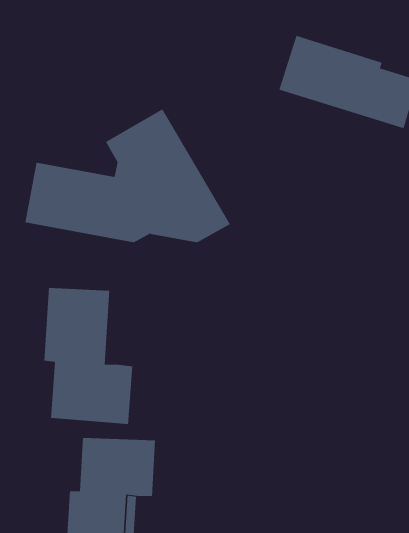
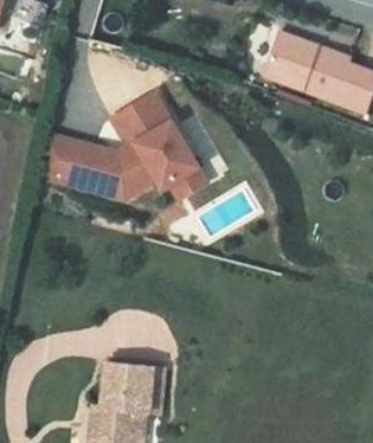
building: [44,287,133,425] -> none

